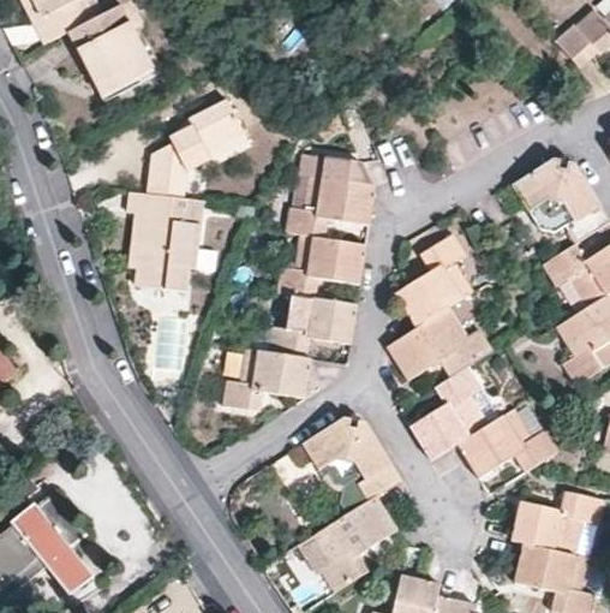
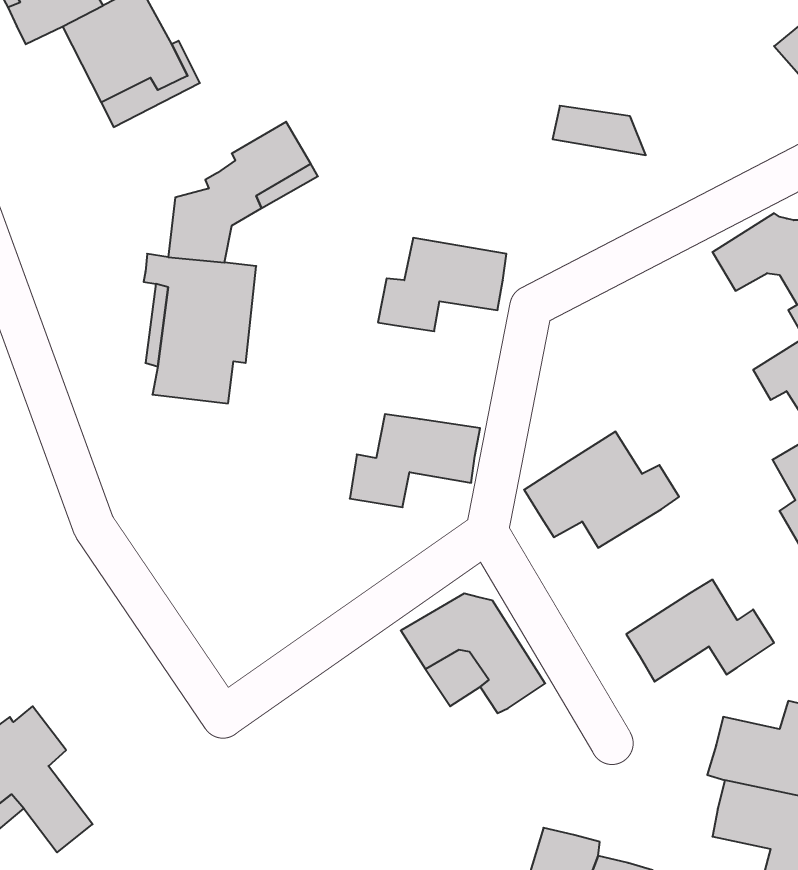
building: [311,151,375,185] -> [553,106,646,155]
building: [277,234,366,298] -> none
building: [395,234,472,327] -> none
building: [222,349,310,409] -> none
building: [411,359,500,460] -> none
building: [315,495,395,594] -> none

